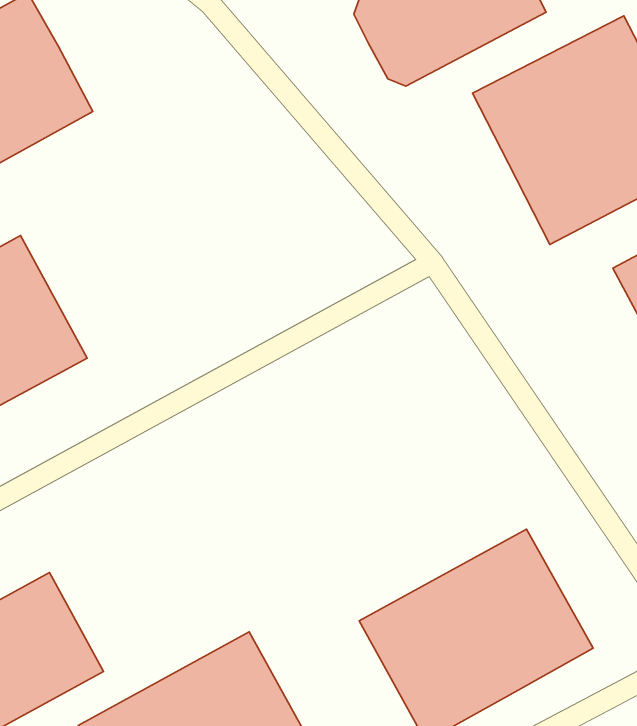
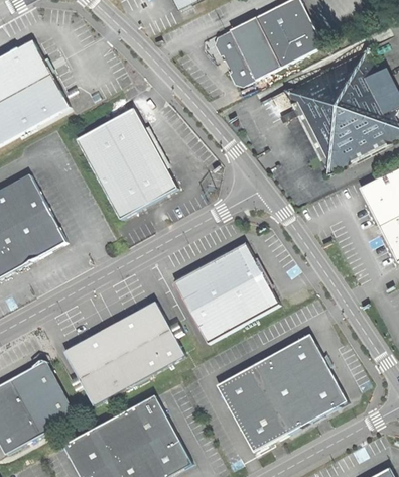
building: none -> [75,106,176,217]
building: none -> [175,243,280,344]
building: none -> [64,302,186,406]

